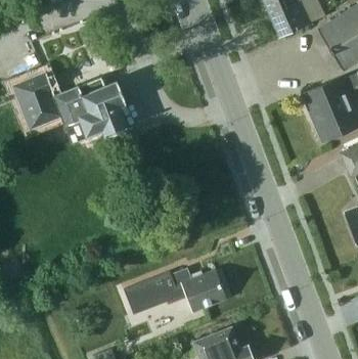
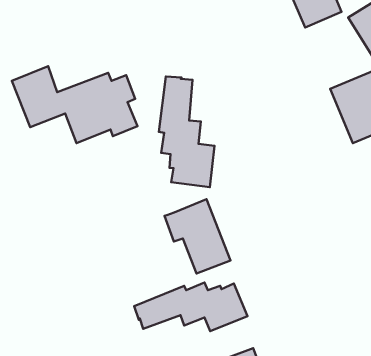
building: none -> [159,77,214,187]
building: none -> [164,199,231,273]

